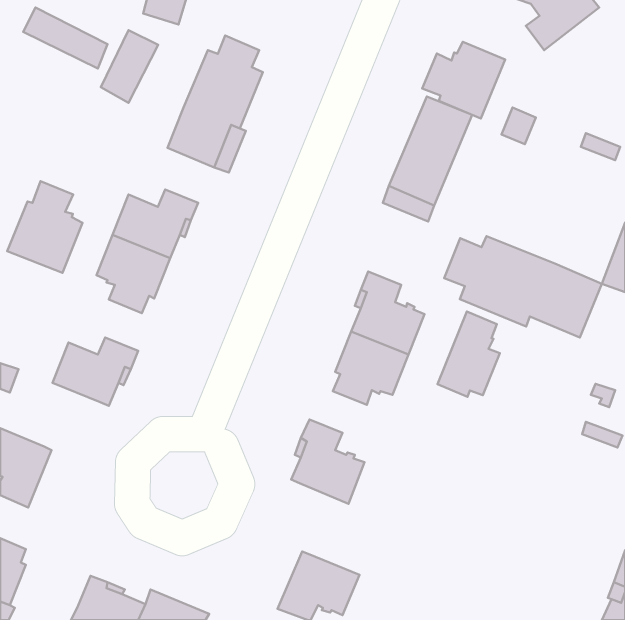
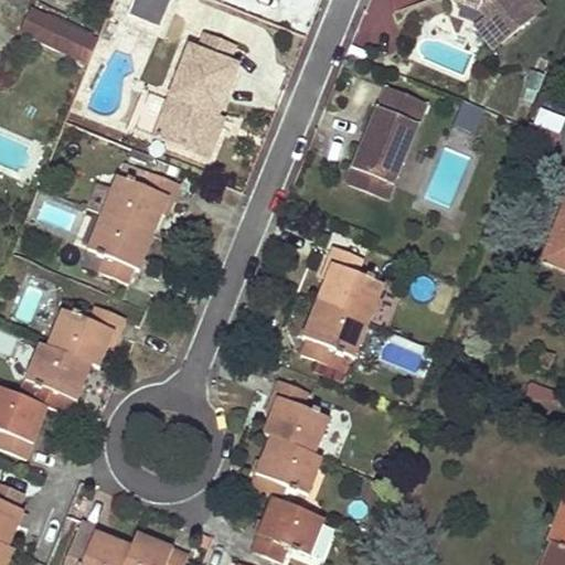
building: [101,30,158,103] -> none
building: [422,42,505,119] -> none
building: [7,181,83,273] -> none
building: [444,236,602,338] -> none
building: [437,311,500,397] -> none
building: none -> [24,342,90,415]
building: none -> [249,436,321,500]

